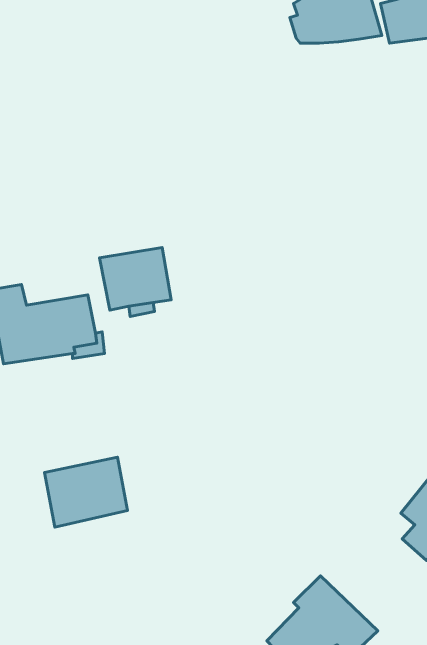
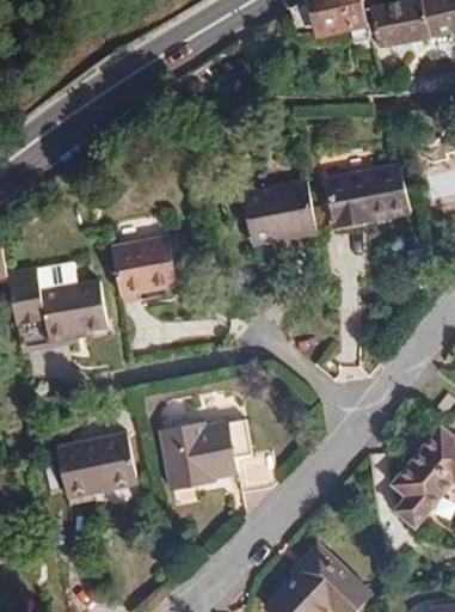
building: none -> [326,164,411,227]
building: none -> [244,179,316,245]
building: none -> [160,420,277,490]

